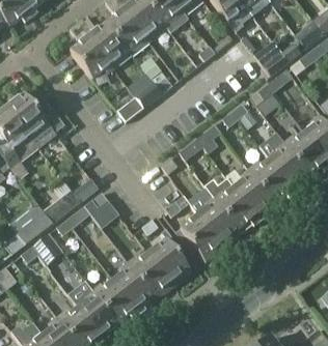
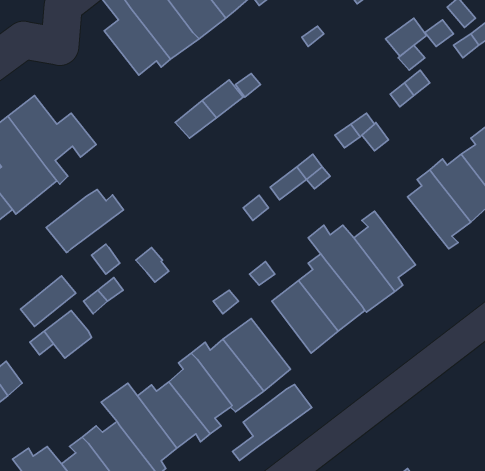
building: none -> [46,189,123,253]
building: [247,157,296,202] -> none
building: none -> [232,384,312,461]

